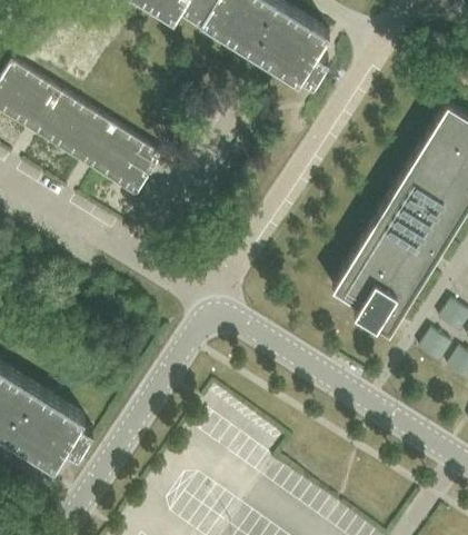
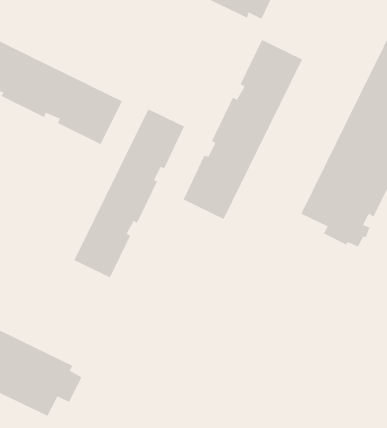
building: none -> [183,39,303,220]
building: none -> [74,109,185,278]

